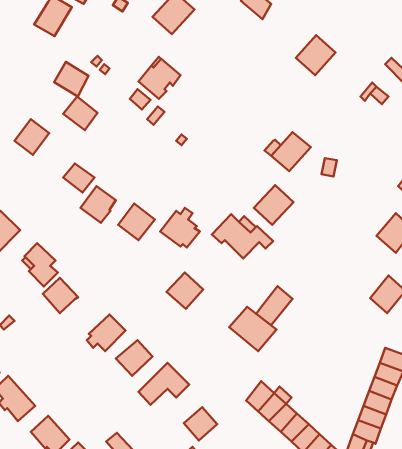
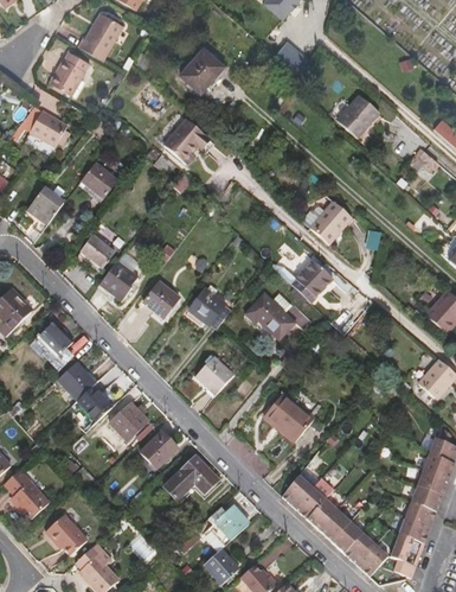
building: [54,62,89,96] -> [30,109,68,147]
building: [256,286,293,325] -> none
building: none -> [71,384,113,421]

